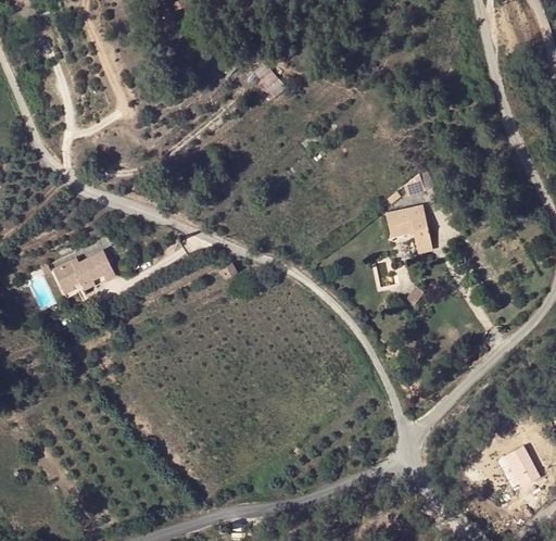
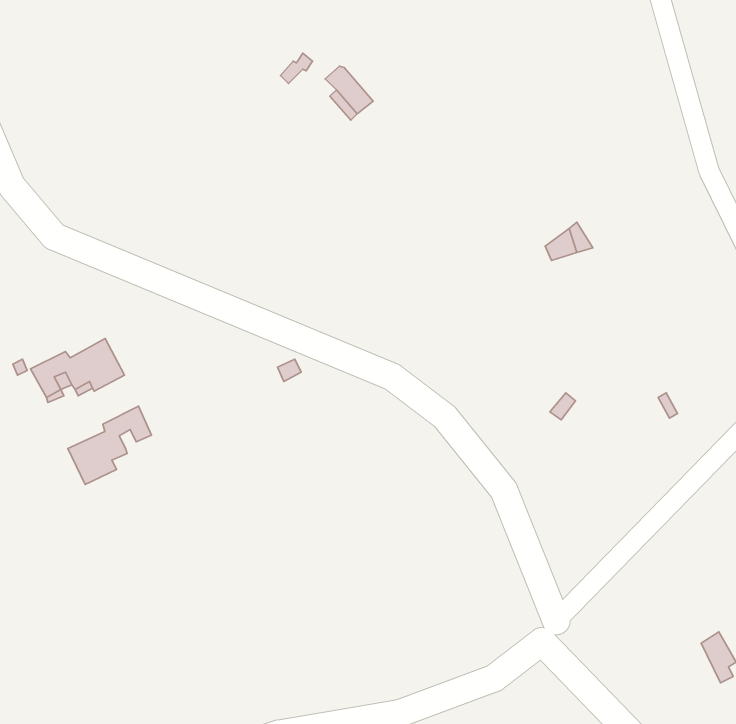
building: [386,204,432,252] -> none
building: none -> [68,406,152,485]

